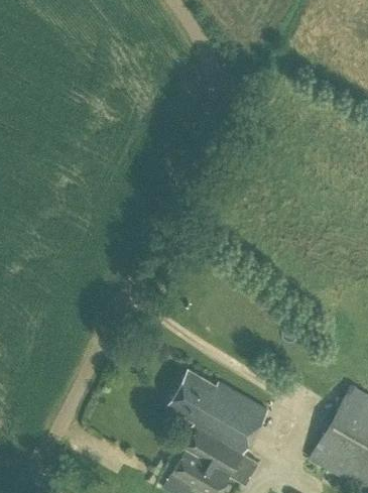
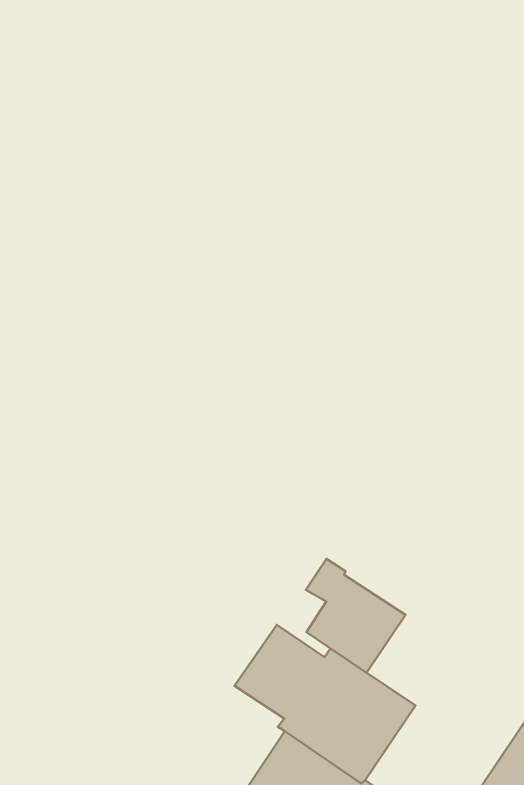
building: none -> [306,559,406,673]

